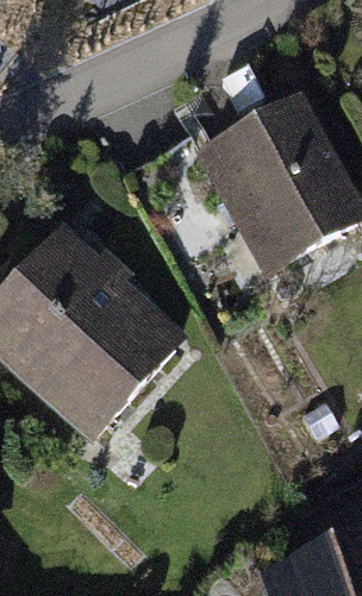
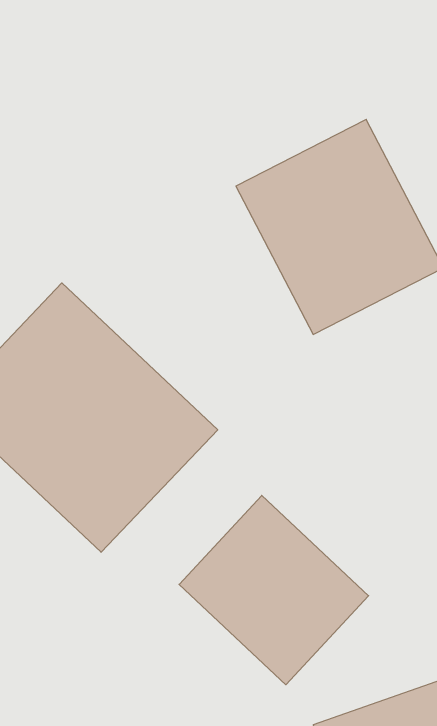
building: none -> [179,495,369,685]

